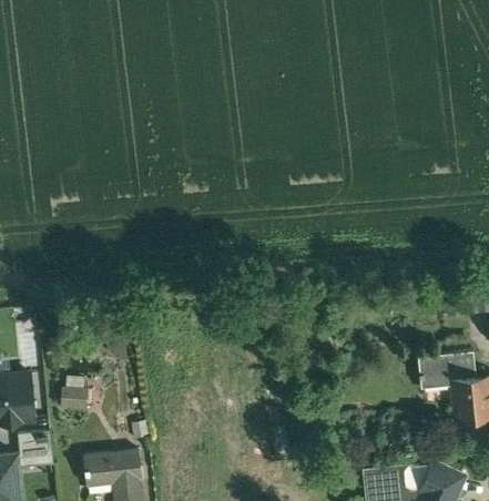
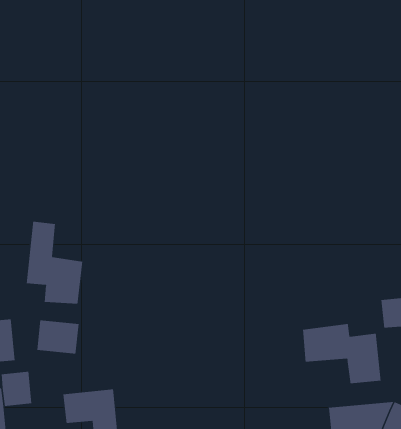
building: none -> [26,221,83,305]
building: none -> [302,323,381,384]

